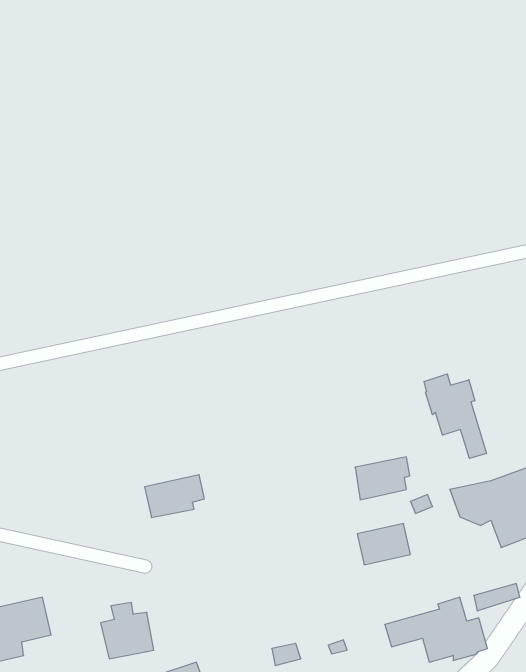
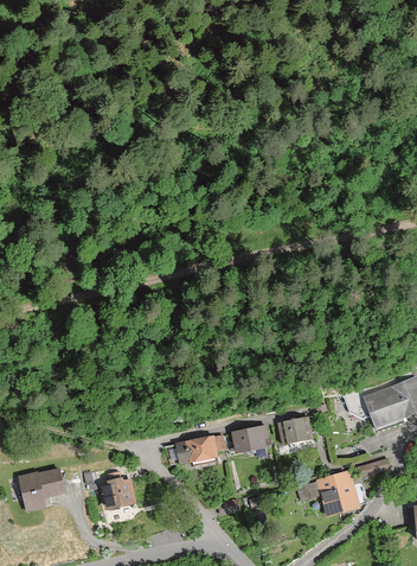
building: [424,374,486,458] -> none
building: [355,457,410,500] -> [230,425,268,454]
building: [145,475,204,518] -> [182,433,224,463]

